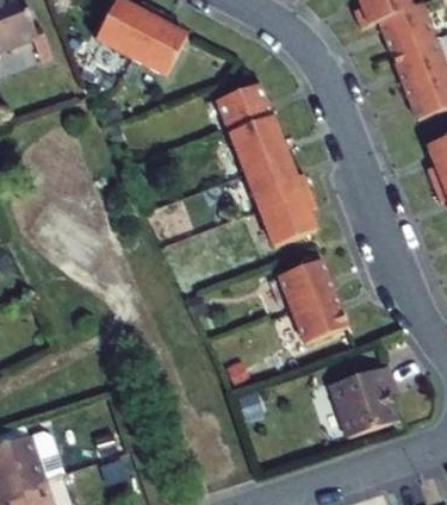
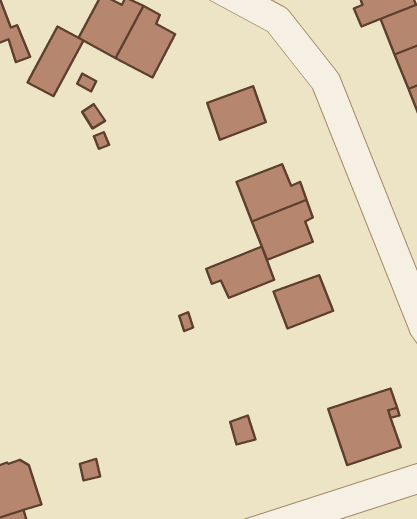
building: none -> [28,27,83,96]
building: [229,117,287,173] -> none
building: none -> [206,247,274,298]
building: [292,293,348,343] -> none

